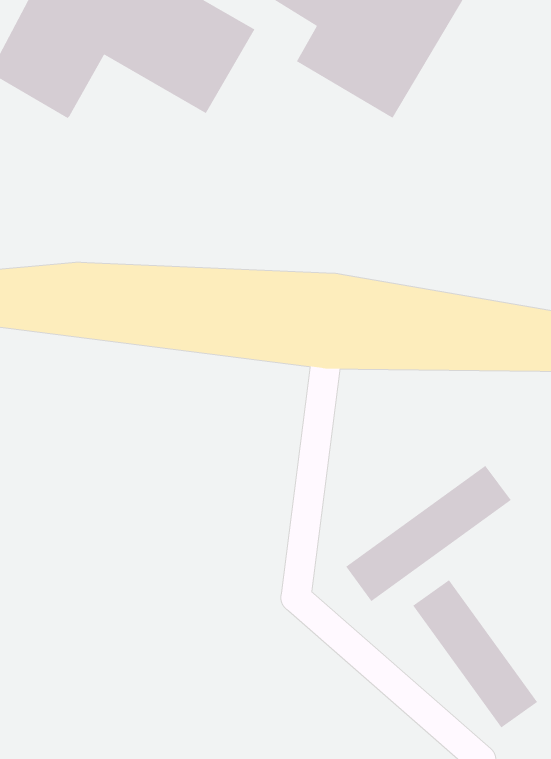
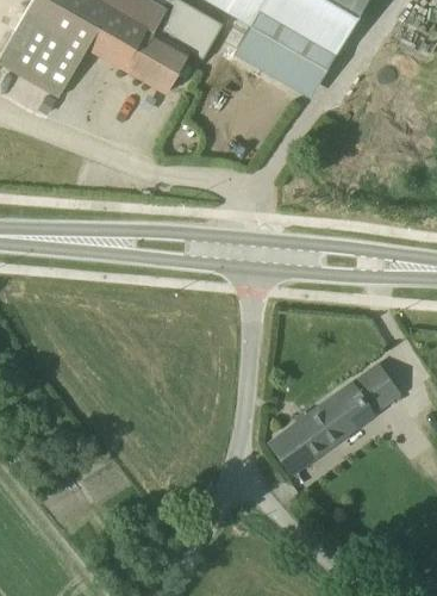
building: [412,579,538,729] -> none

